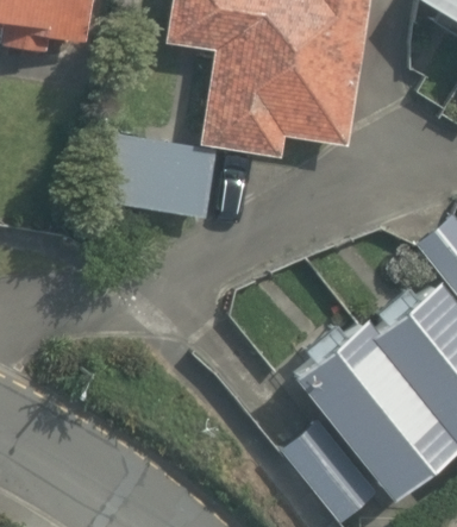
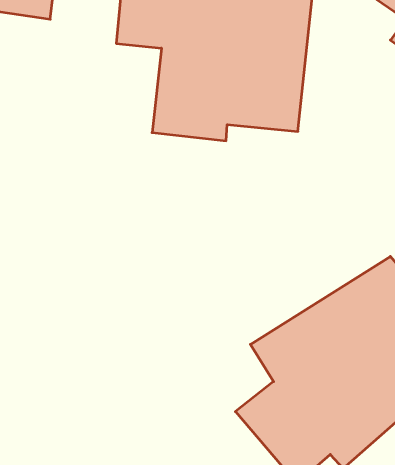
building: [98,137,215,215] -> none

